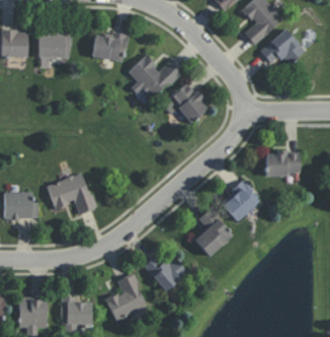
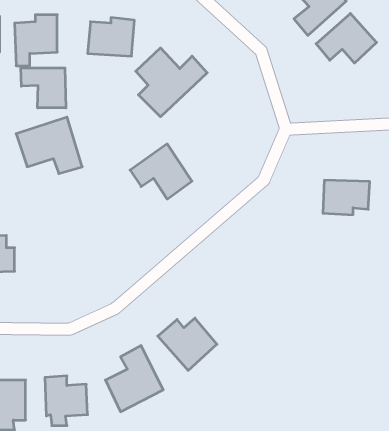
building: none -> [21,68,66,108]
building: [162,82,208,123] -> [130,144,192,199]
building: [47,173,95,214] -> [16,117,82,174]
building: [222,180,261,221] -> none
building: [193,209,233,257] -> none

